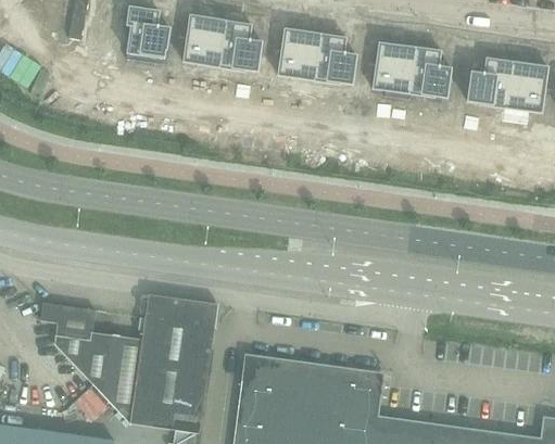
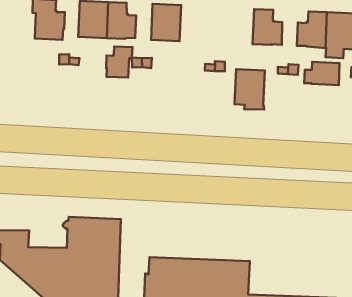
building: [315,34,356,85] -> none
building: [373,42,416,99] -> [235,69,265,110]
building: none -> [106,46,133,78]
building: none -> [304,62,340,85]

